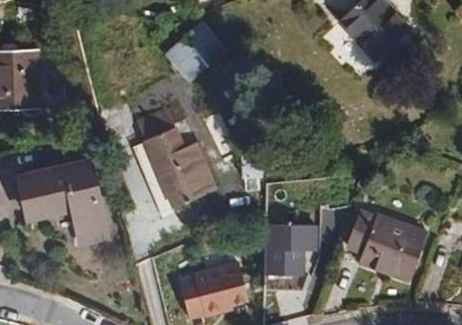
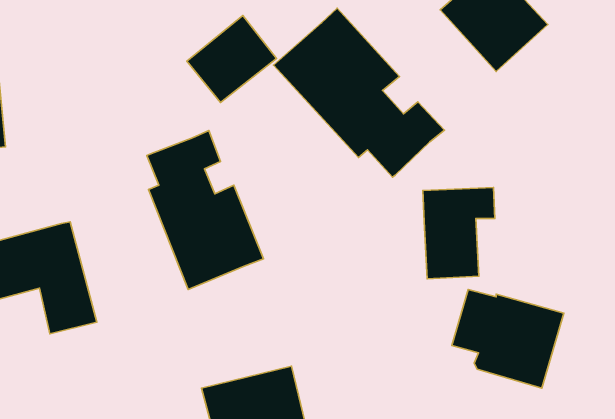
building: none -> [274,8,444,177]
building: [268,221,317,284] -> [423,188,495,279]

